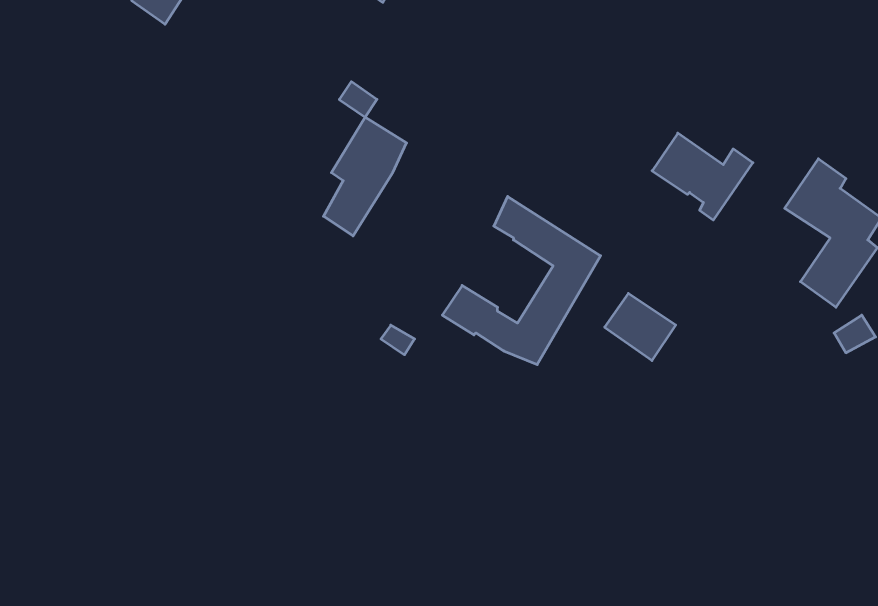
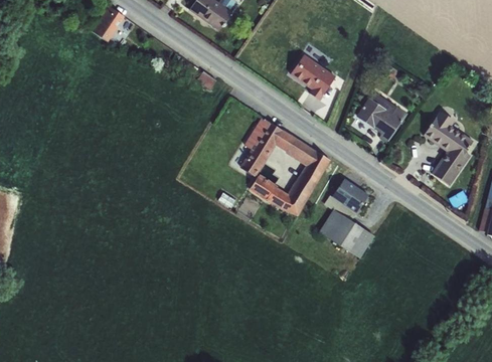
building: none -> [291,54,335,99]
building: [323,117,407,236] -> [240,116,283,176]
building: none -> [319,208,374,257]

